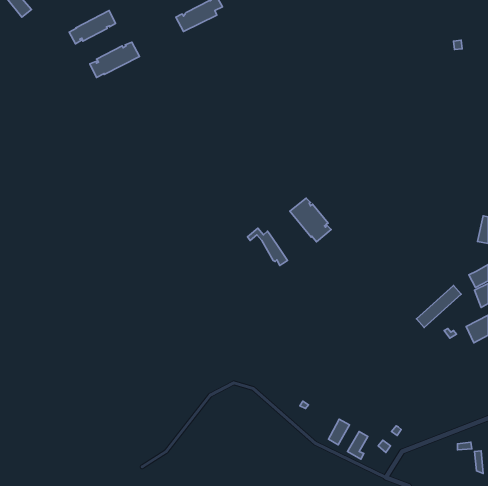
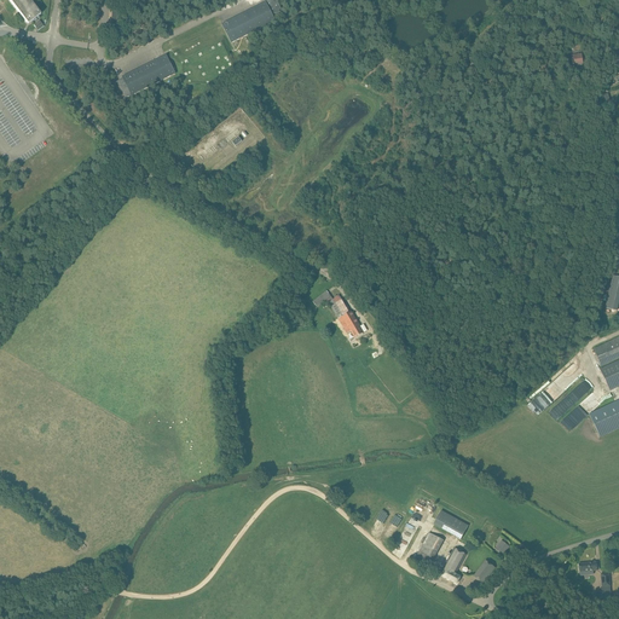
building: [69,11,116,44] -> none
building: [290,198,331,242] -> none
building: none -> [434,509,469,538]

